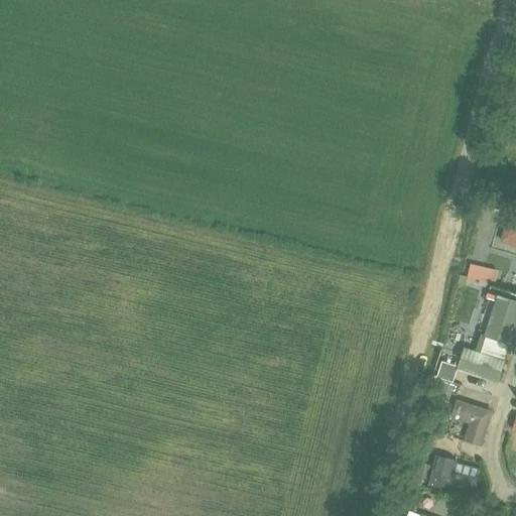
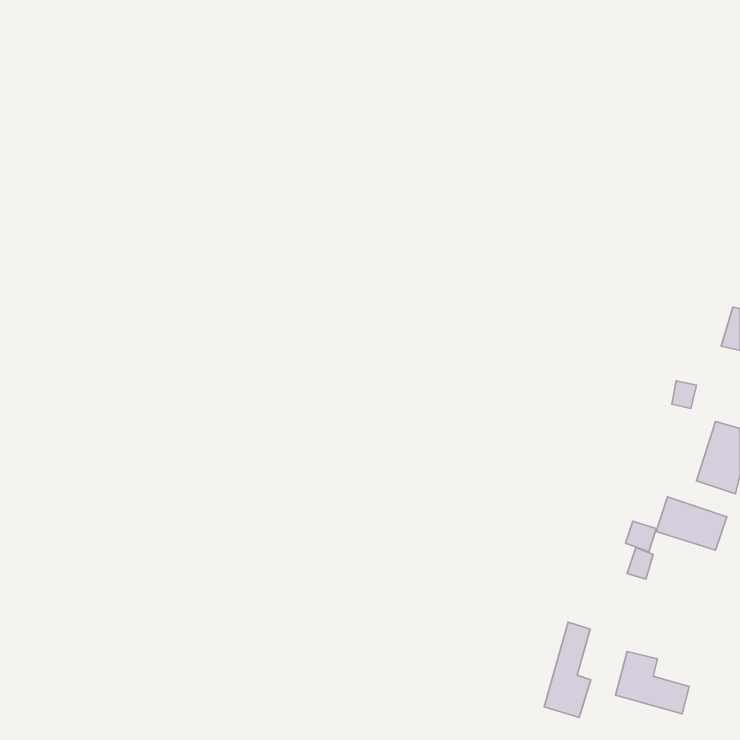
building: [450,397,494,445] -> none
building: none -> [544,622,591,718]

